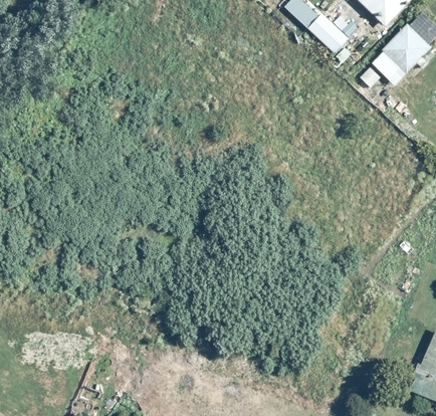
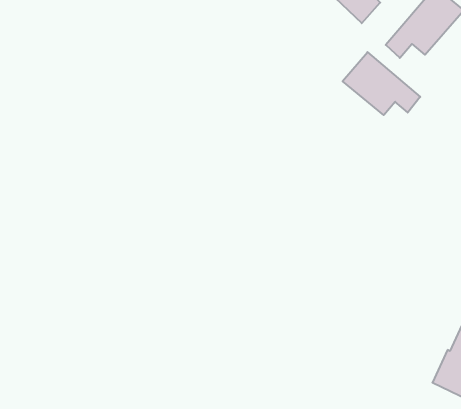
building: none -> [343,52,420,115]

